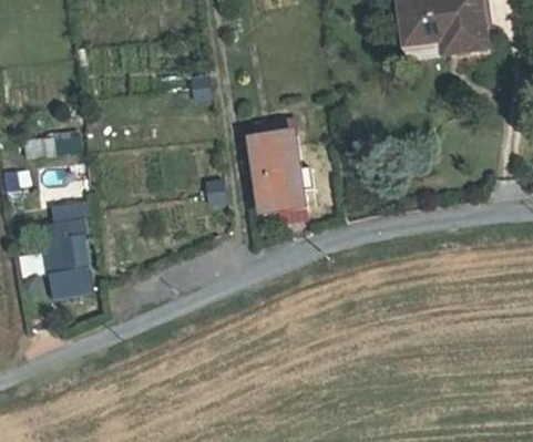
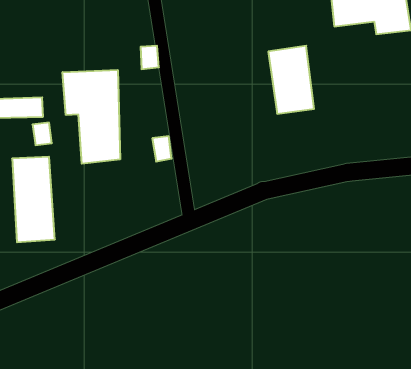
building: none -> [63,70,120,164]
building: [252,130,304,207] -> [268,46,314,114]

